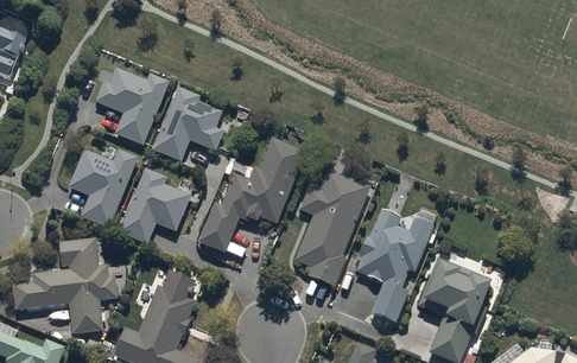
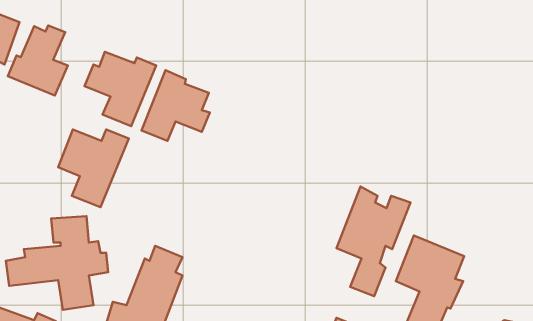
building: none -> [8,25,68,96]
building: [196,139,305,253] -> none
building: [119,167,190,242] -> none
building: [293,170,370,286] -> none

